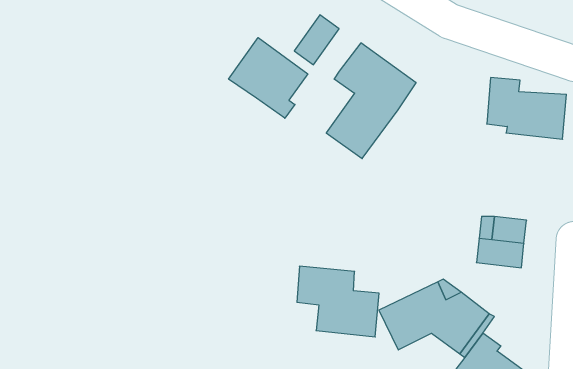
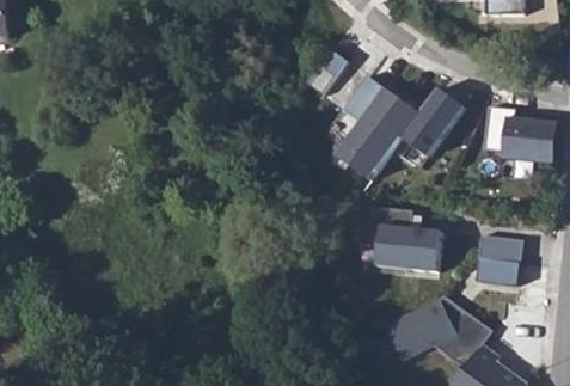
building: [229,38,308,118] -> none
building: none -> [402,86,462,154]
building: [297,266,379,337] -> [363,206,440,271]

